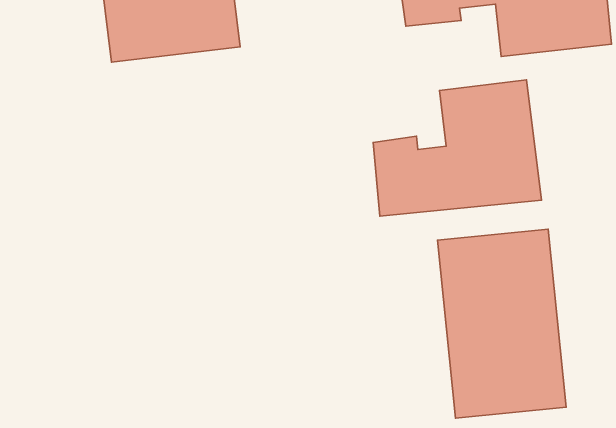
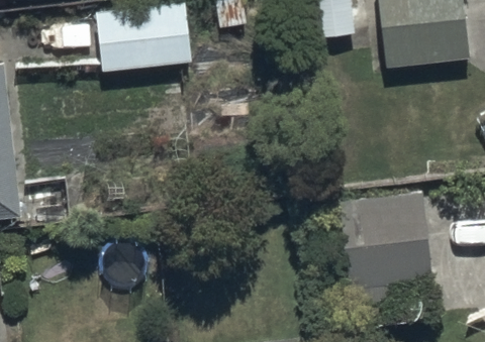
building: [373,80,541,216] -> none

